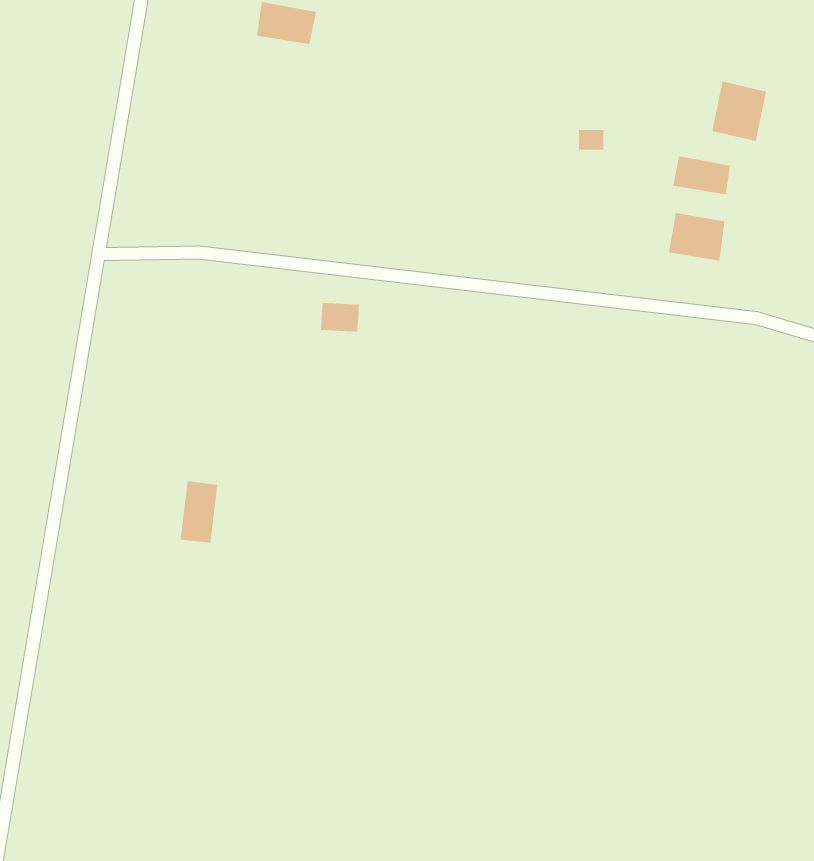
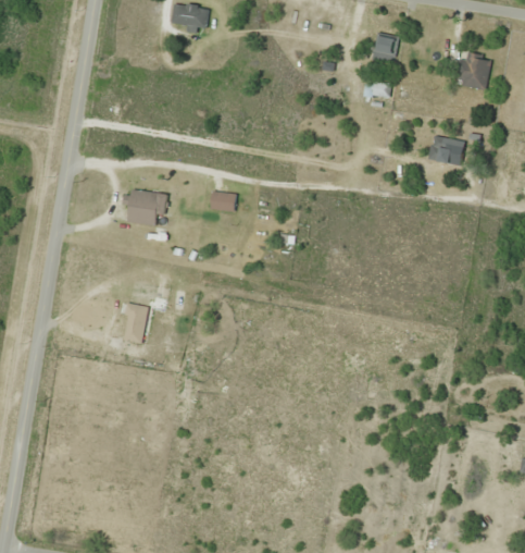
building: none -> [376,36,397,60]
building: [672,155,730,195] -> none
building: none -> [128,191,166,224]

